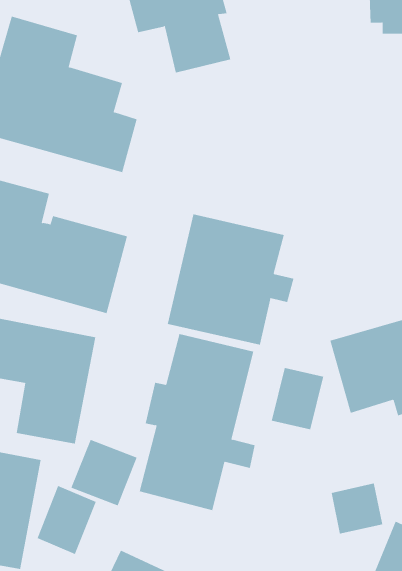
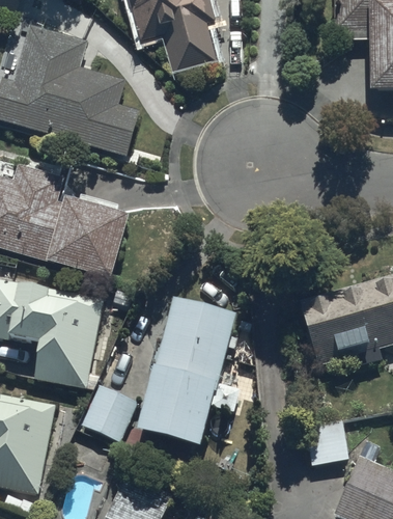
building: [167,213,294,346] -> none
building: [271,367,324,430] -> none
building: [37,485,96,555] -> none

